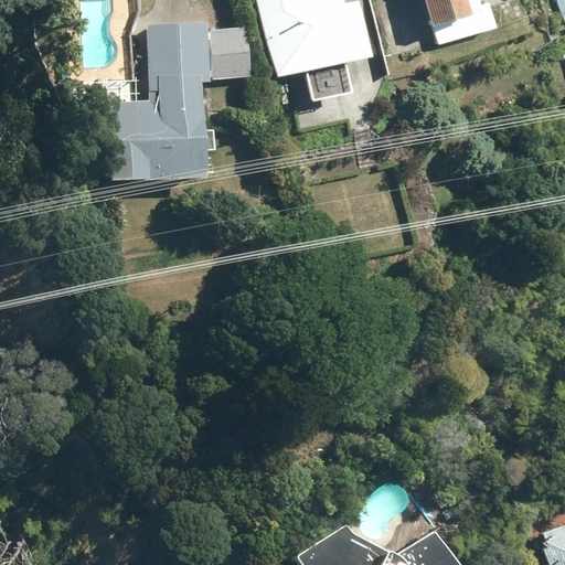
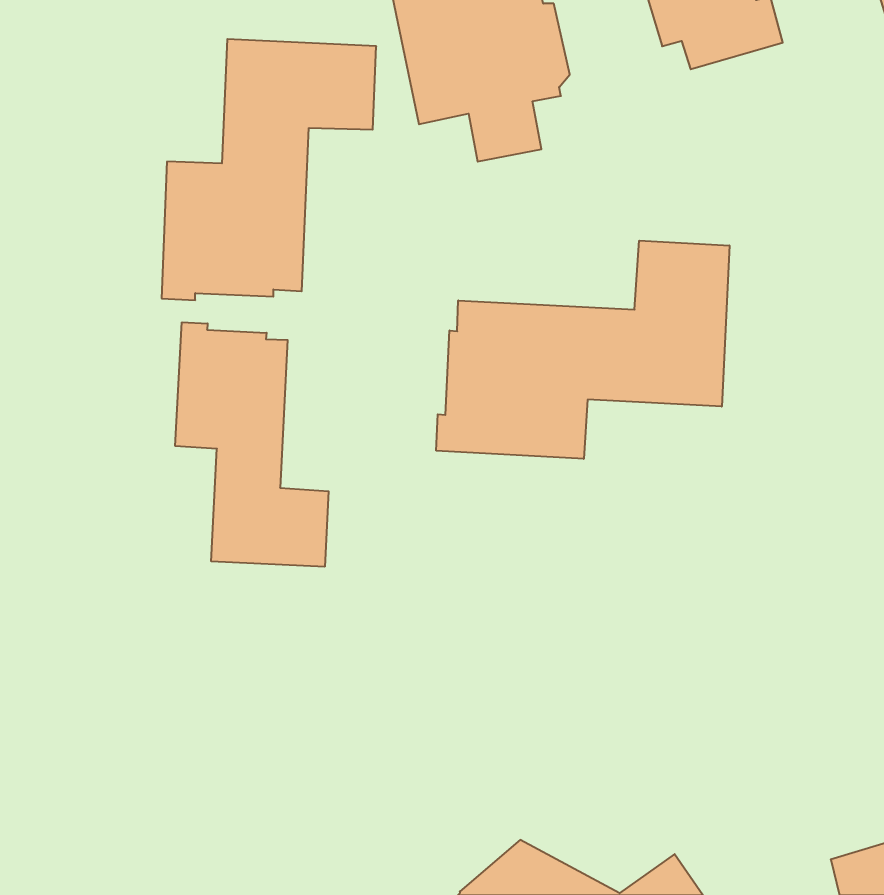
building: none -> [436,241,729,459]
building: none -> [175,322,329,567]

